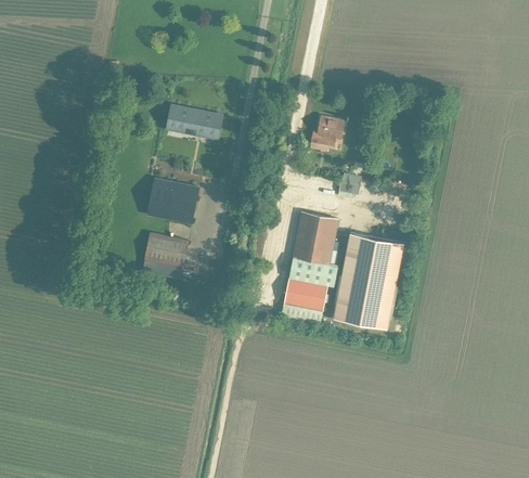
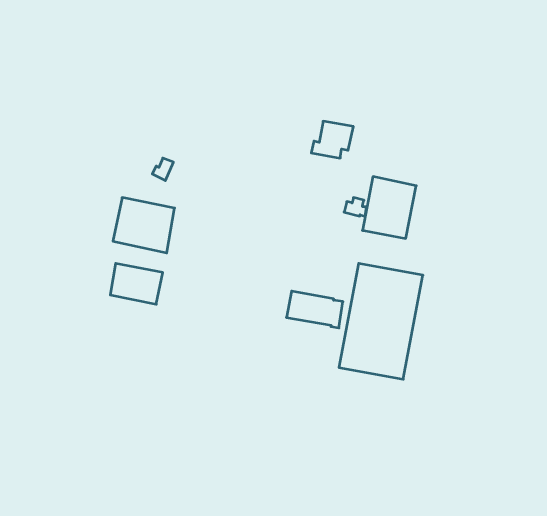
building: [167,107,219,140] -> none
building: [293,212,337,263] -> [362,177,416,238]
building: [283,279,326,311] -> none

